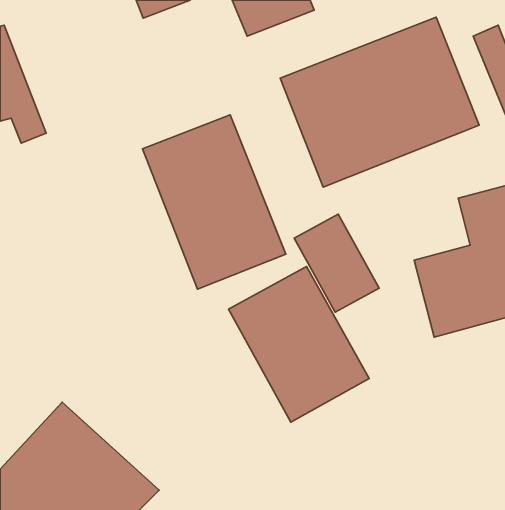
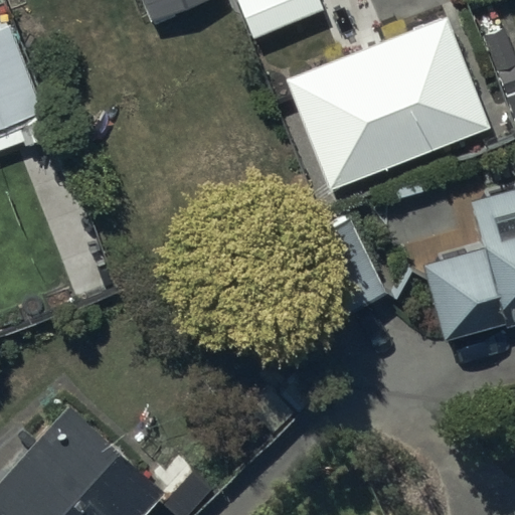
building: [143,115,286,289] -> none
building: [229,266,369,422] -> none

